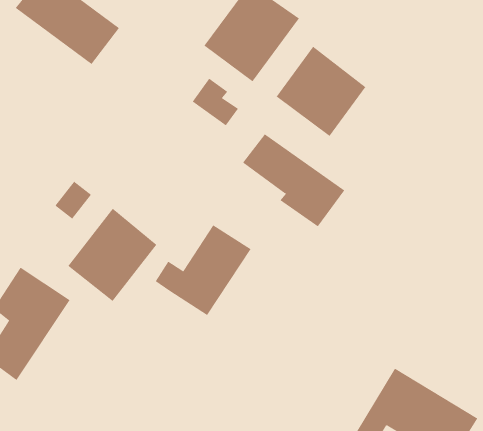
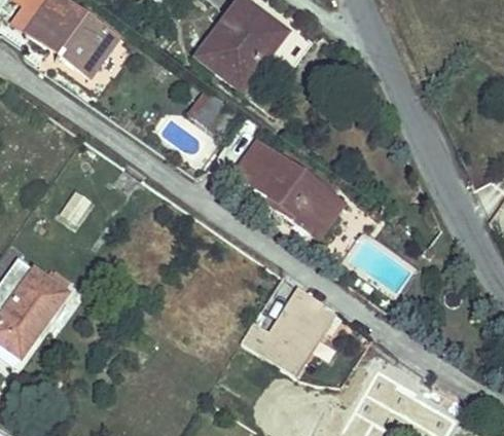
building: [276,46,366,137] -> none
building: [67,208,157,302] -> none
building: [155,224,252,316] -> [241,284,333,371]

